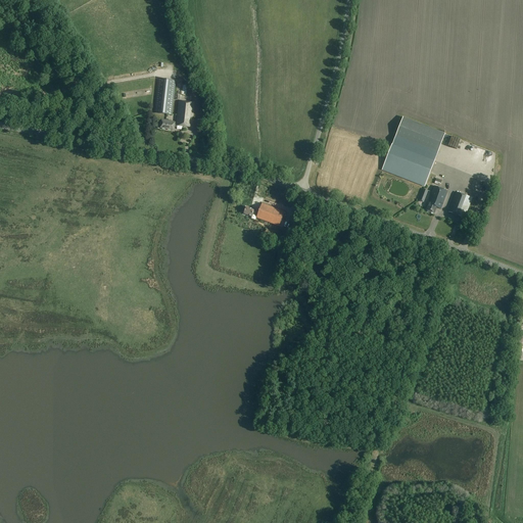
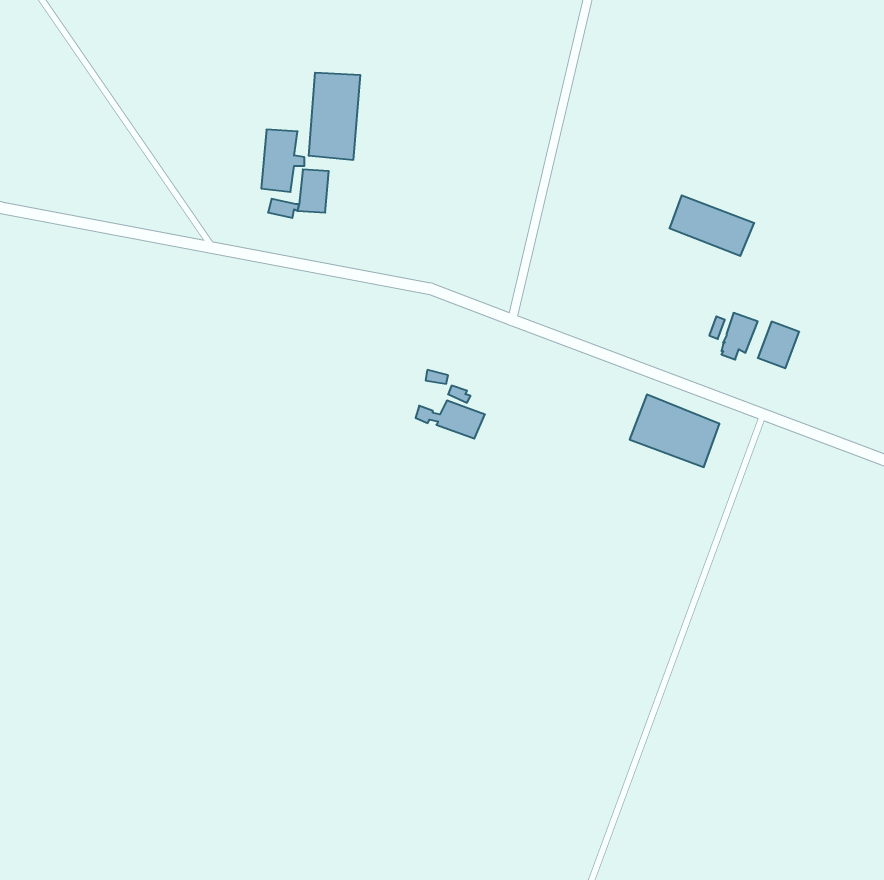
building: none -> [309,73,360,160]
building: [381,142,434,185] -> [630,394,720,467]
building: [244,202,285,225] -> [416,401,485,439]

